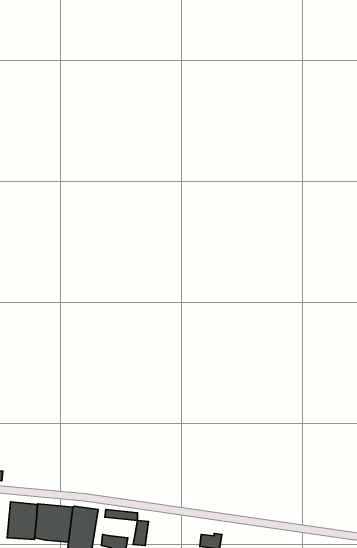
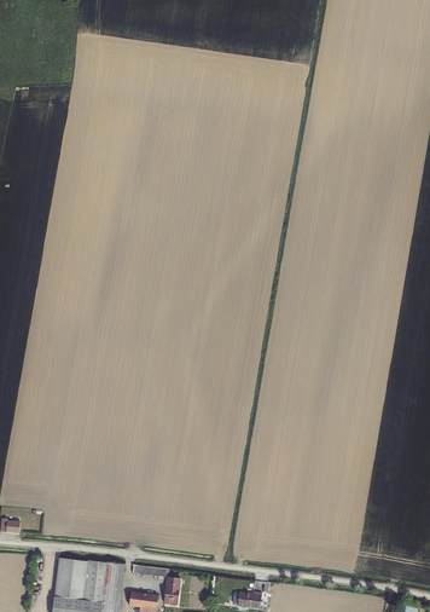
building: [7,502,37,539] -> none

